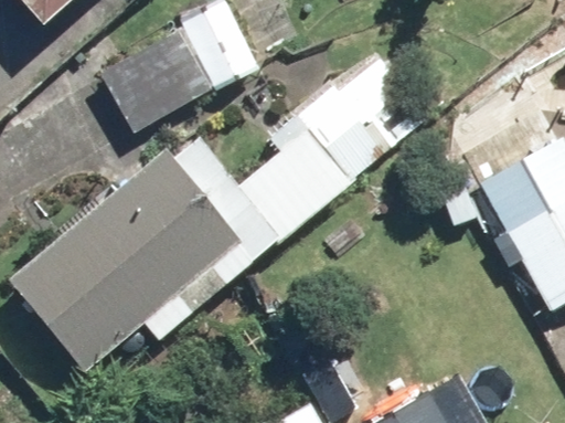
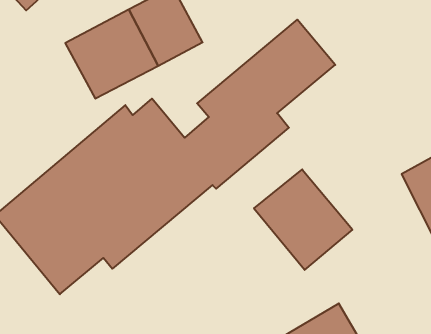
building: none -> [254,169,352,270]

